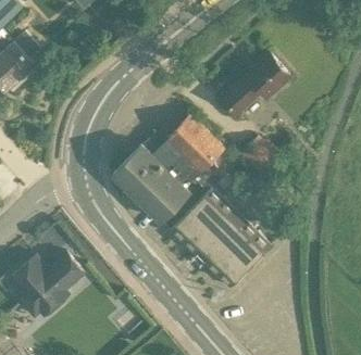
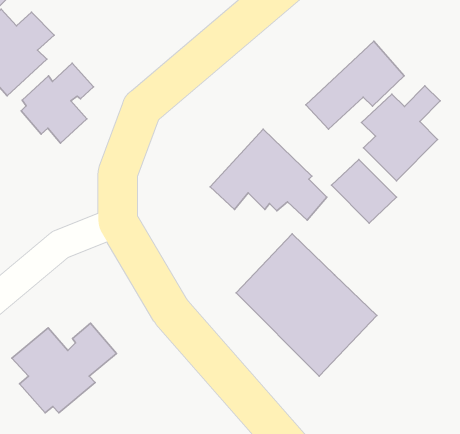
building: none -> [21,63,94,143]
building: none -> [362,86,440,181]
building: [113,148,190,224] -> none

